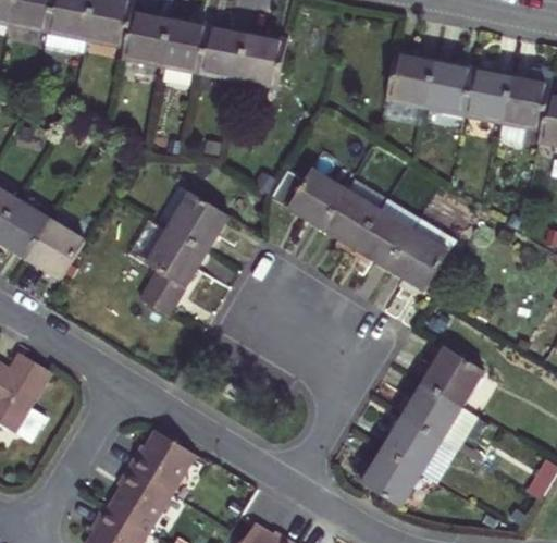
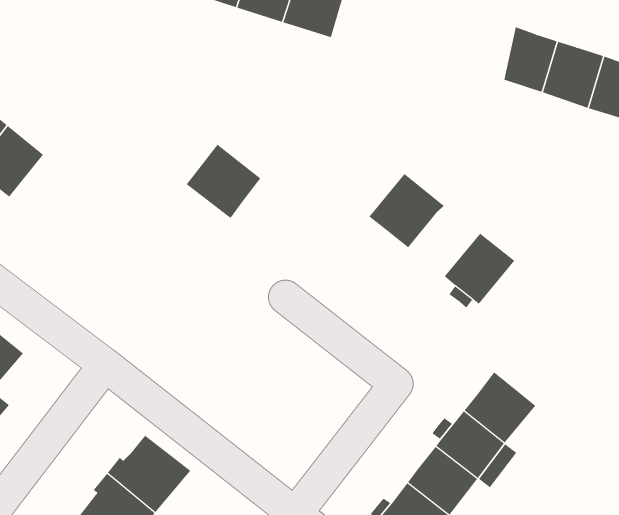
building: [376,52,423,104] -> none
building: [271,169,347,230] -> none
building: [129,210,210,310] -> none
building: [27,211,87,271] -> none
building: [358,213,414,271] -> none

